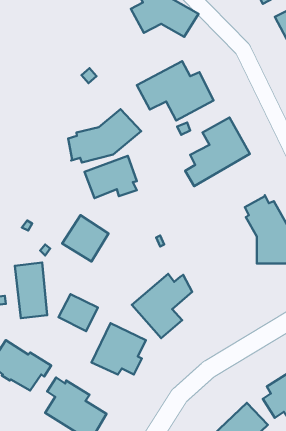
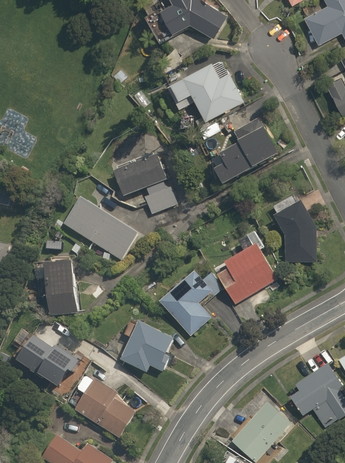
building: [68,109,141,163] -> none
building: none -> [143,188,176,215]
building: none -> [62,197,109,242]
building: none -> [217,237,276,304]
building: [59,294,98,331] -> none

